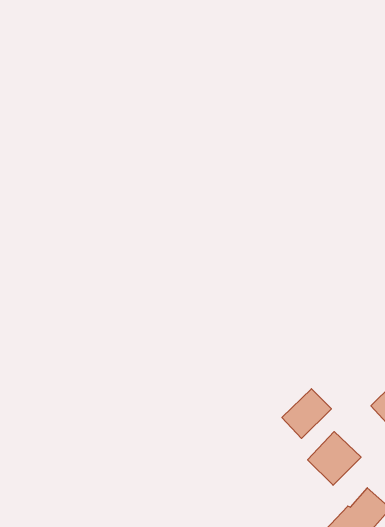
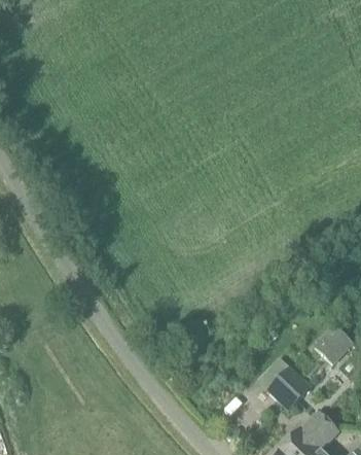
building: [282,389,331,438] -> none

